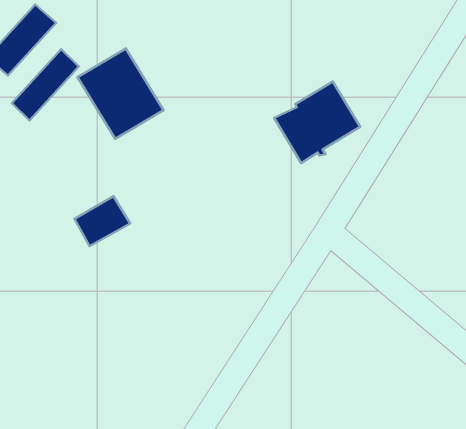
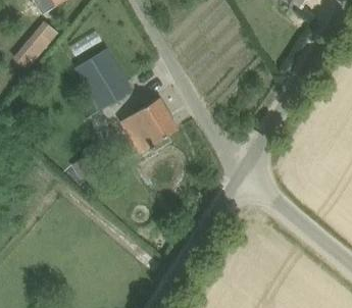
building: [12,49,79,121] -> none
building: [274,82,360,163] -> [120,97,179,152]

